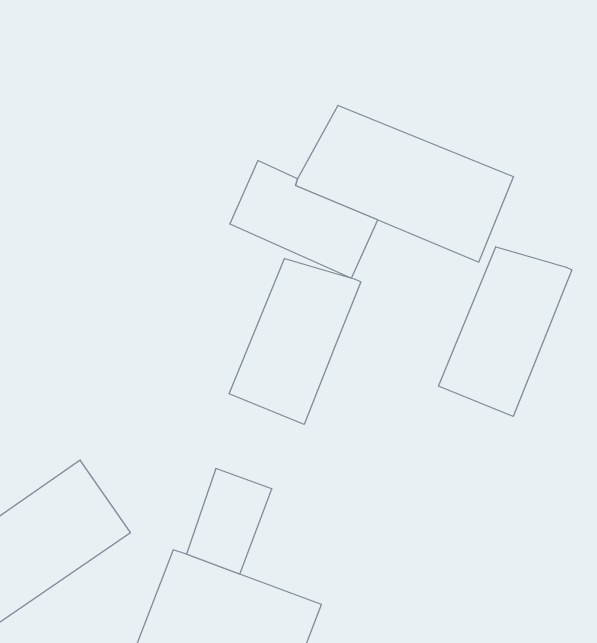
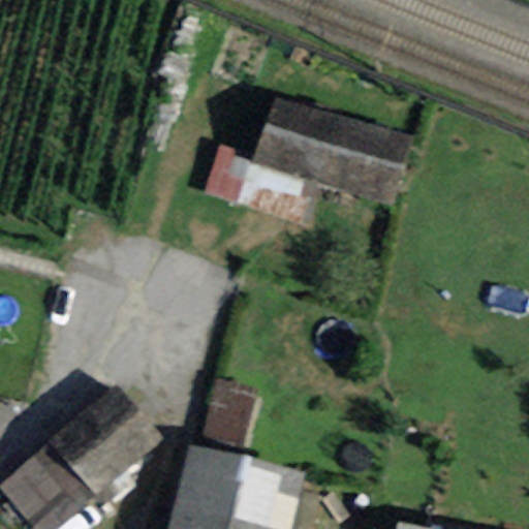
building: [439,247,572,416] -> none
building: [229,258,361,424] -> none

